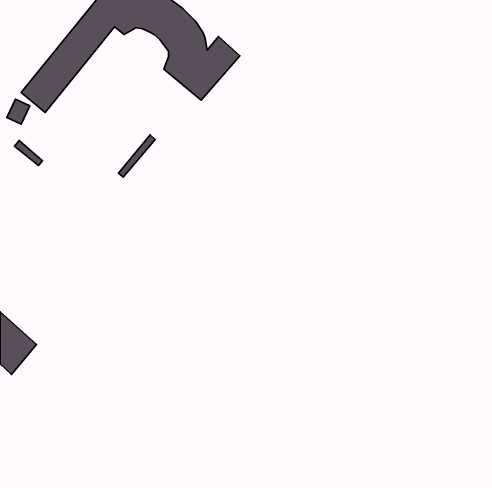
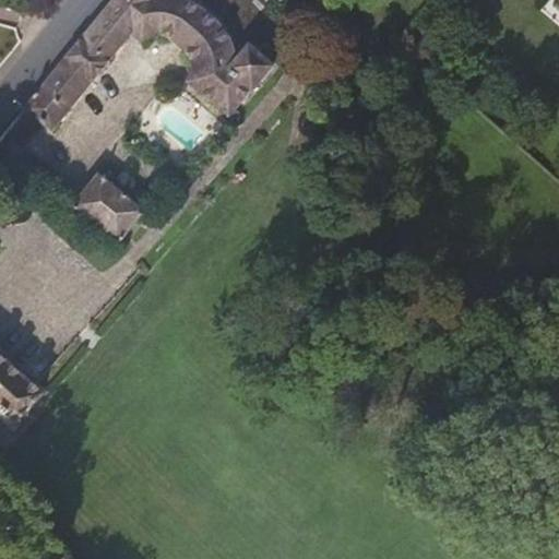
building: none -> [71,170,144,240]

